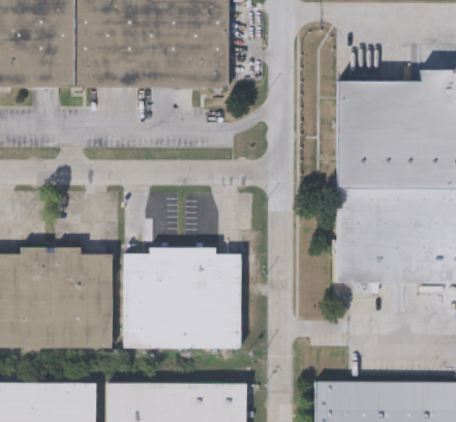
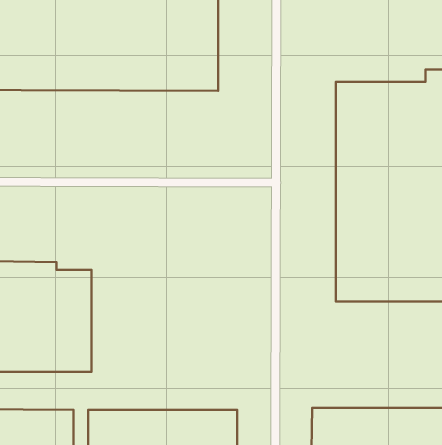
building: [123,246,240,348] -> none

